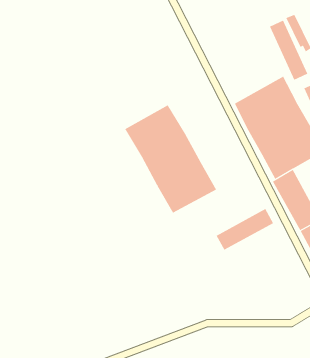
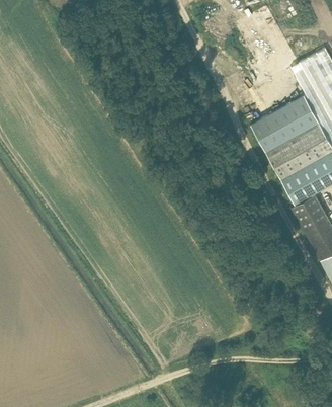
building: [125,105,217,213] -> none
building: [216,208,274,251] -> none

